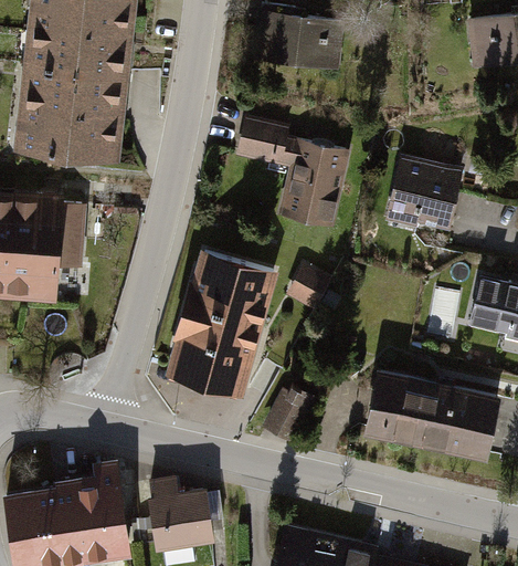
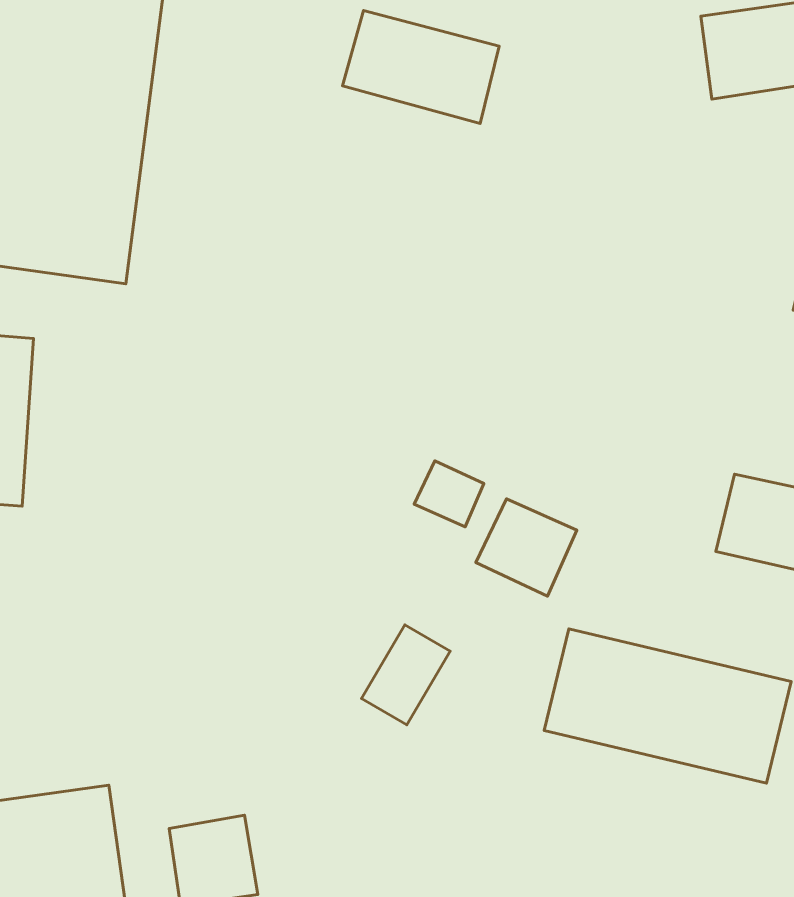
building: [244,124,355,232] -> none
building: [385,153,464,224] -> none
building: [161,241,278,392] -> none
building: none -> [476,499,577,596]

